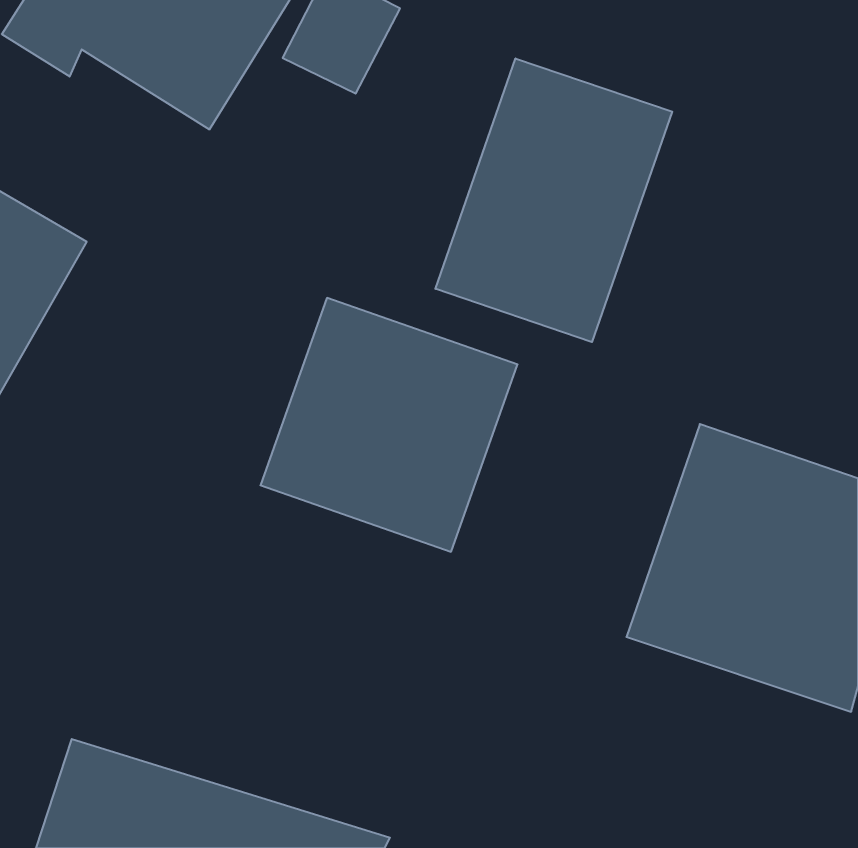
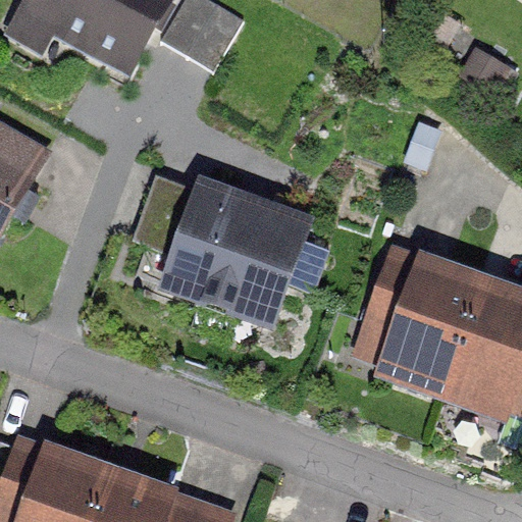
building: [435,58,672,342] -> none

